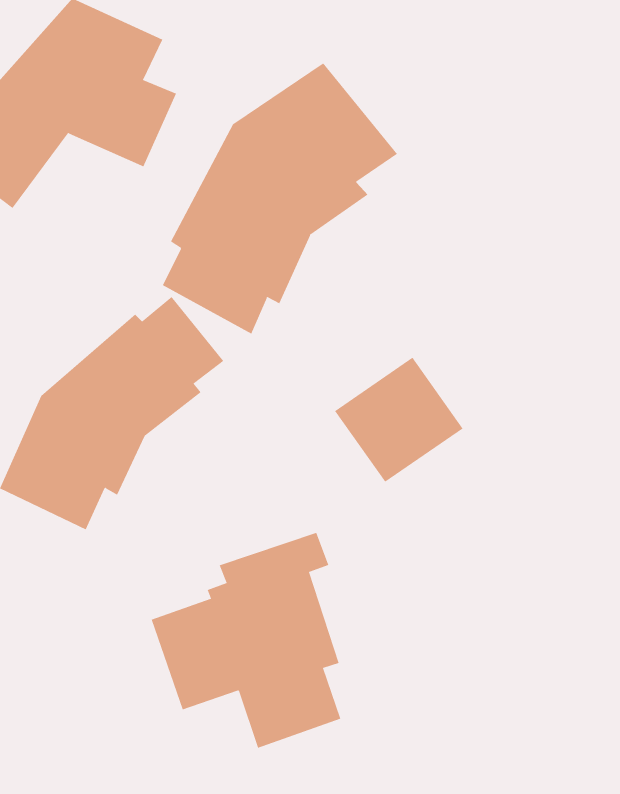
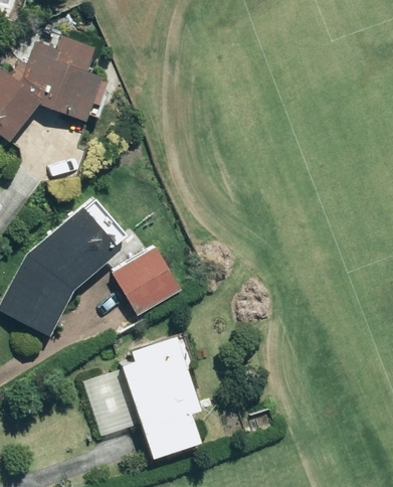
building: [162,63,398,335] -> none
building: [334,357,464,483] -> [114,245,188,317]

